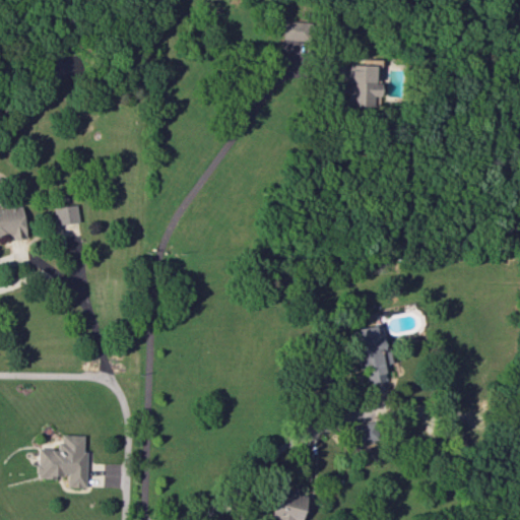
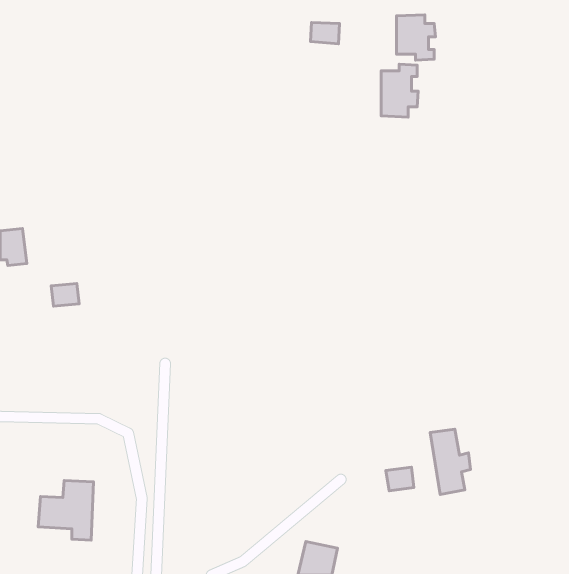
building: none -> [396,15,435,60]
building: [57,205,82,225] -> [51,284,79,306]
building: [356,326,393,385] -> [430,429,471,494]

